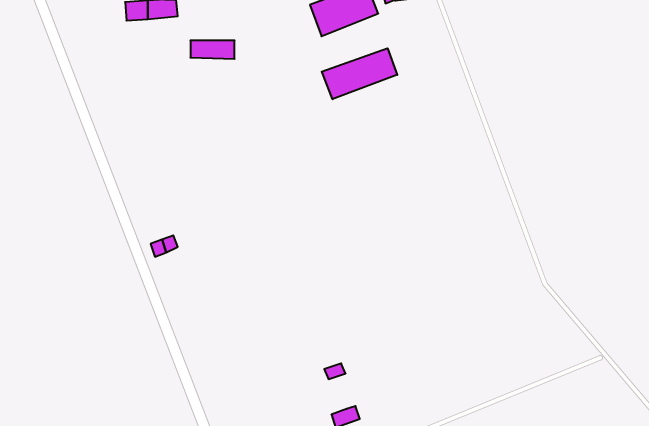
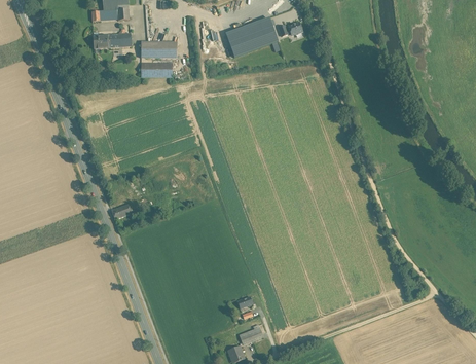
building: none -> [142,40,177,57]
building: [322,48,397,99] -> none

